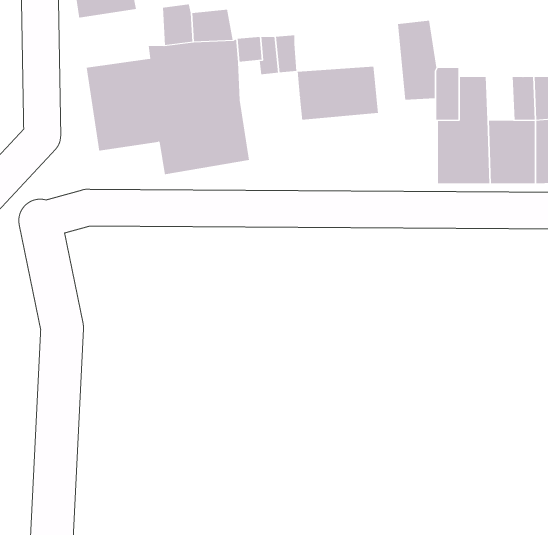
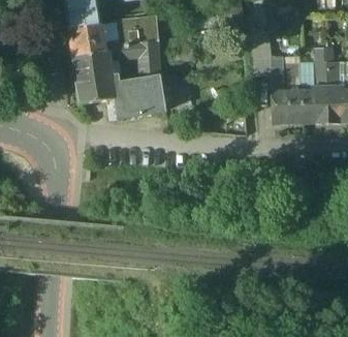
building: none -> [68,24,108,57]
building: [297,66,378,121] -> none

